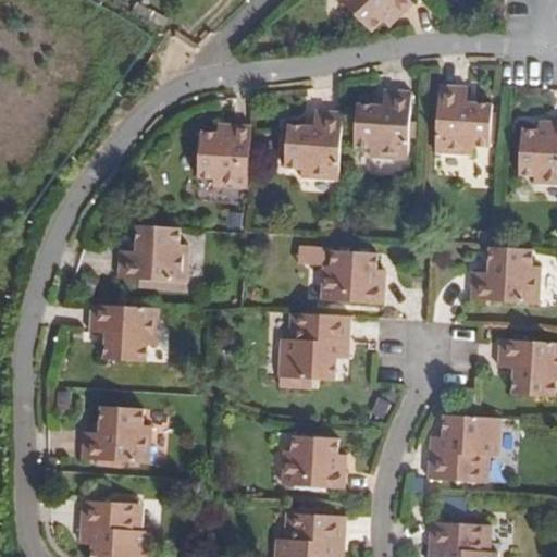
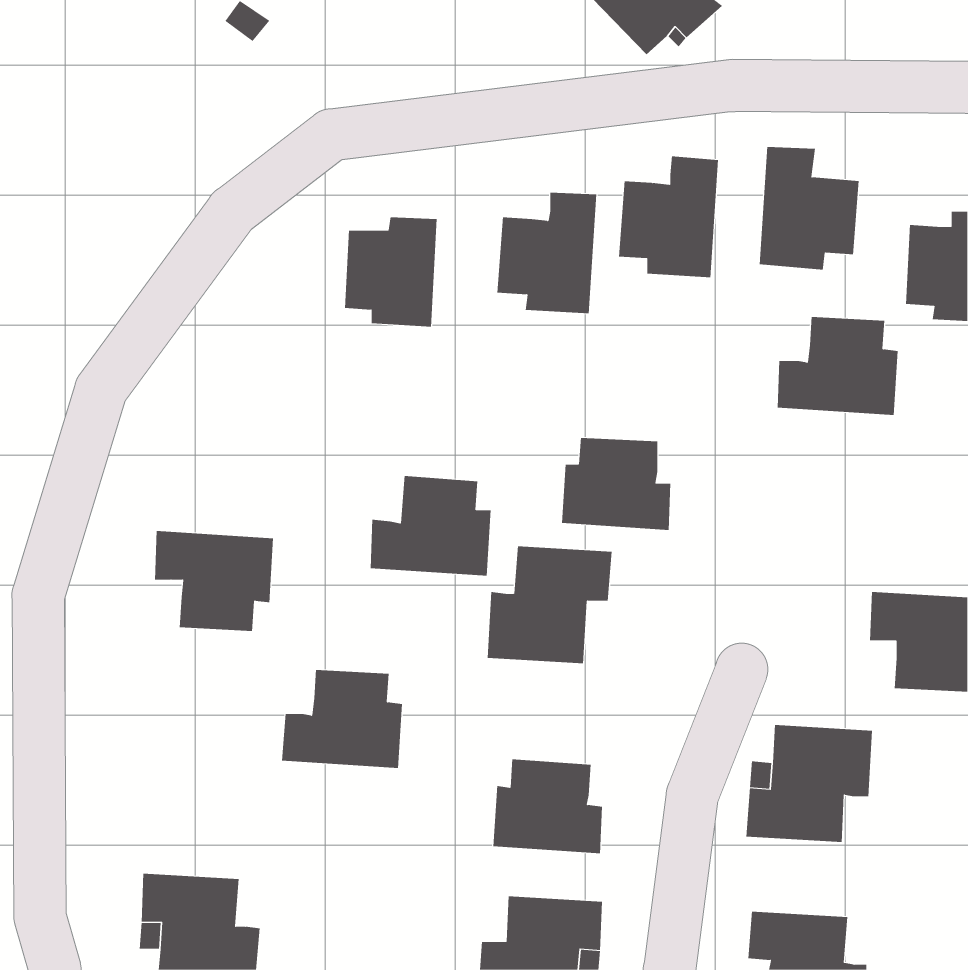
building: [117,224,187,282] -> [370,475,491,576]
building: [470,247,540,304] -> [777,317,898,416]
building: [81,406,150,462] -> [281,670,403,769]

